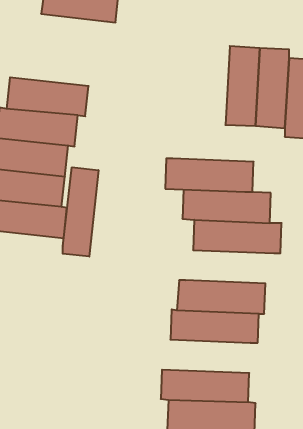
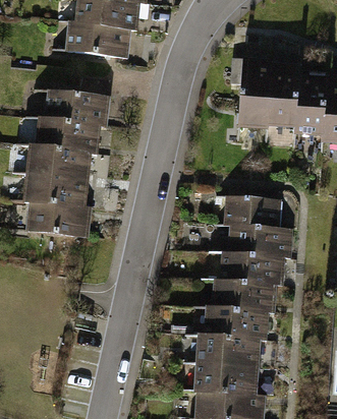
building: none -> [57,24,130,62]
building: [165,158,254,192] -> [205,248,288,280]
building: [63,167,98,257] -> none
building: none -> [182,333,266,364]

